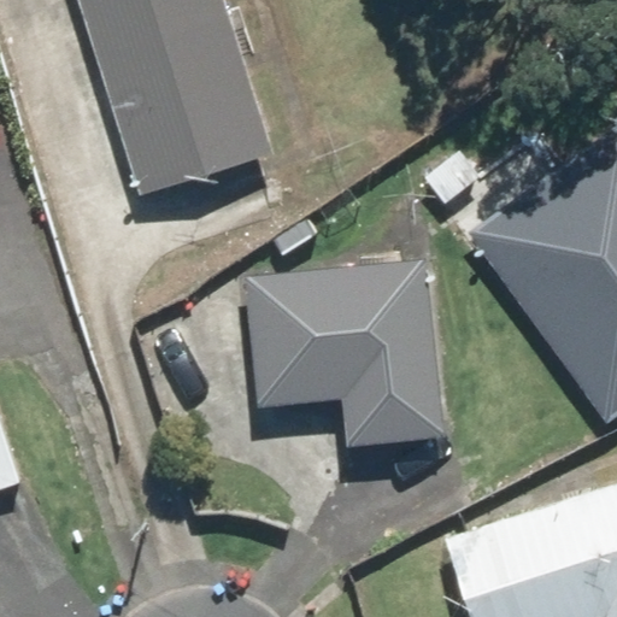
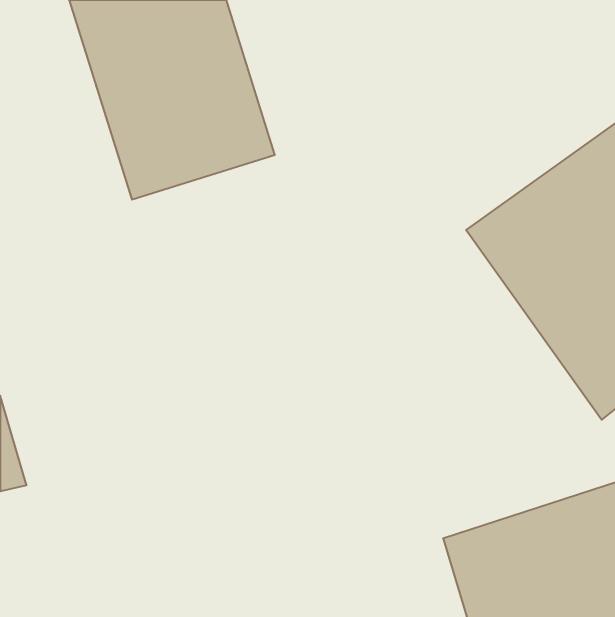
building: [245,260,443,445] -> none

